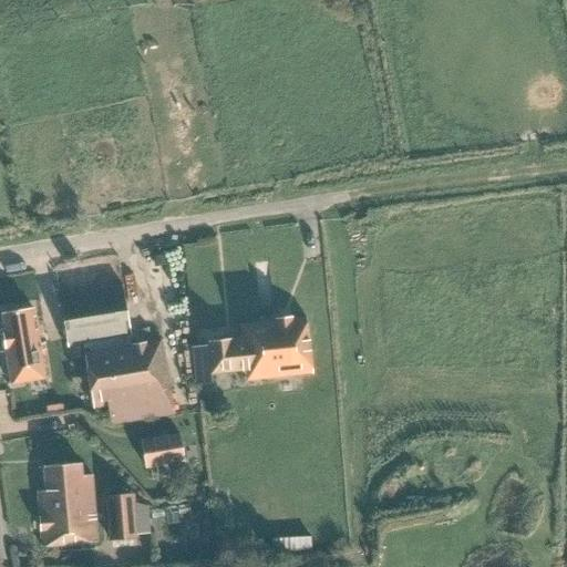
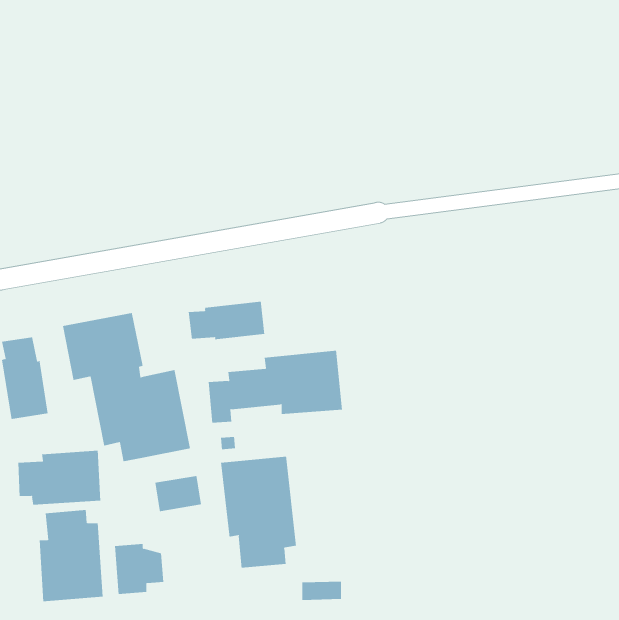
building: none -> [188,301,265,340]
building: none -> [18,450,101,506]
building: none -> [220,456,296,568]

